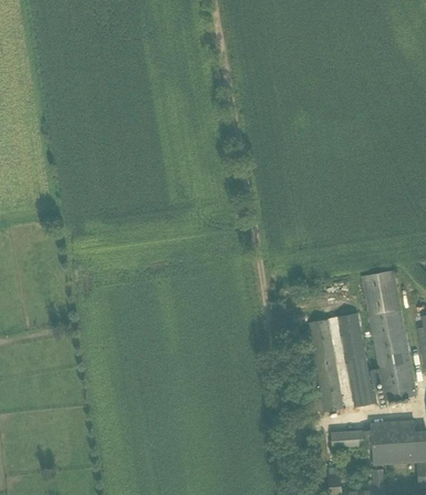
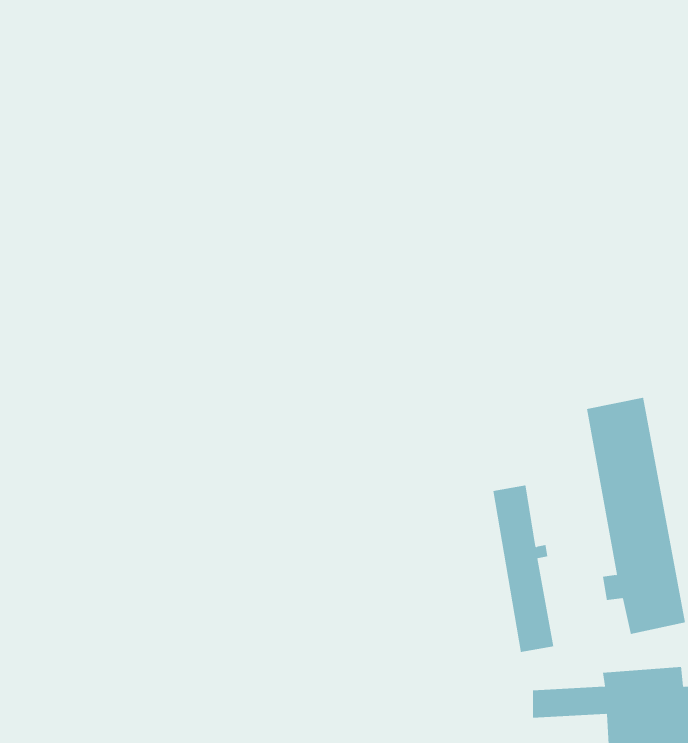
building: [339,311,374,408] -> none

